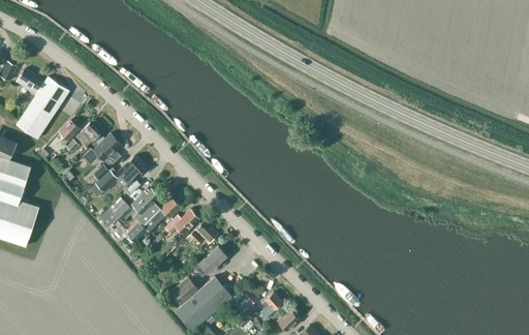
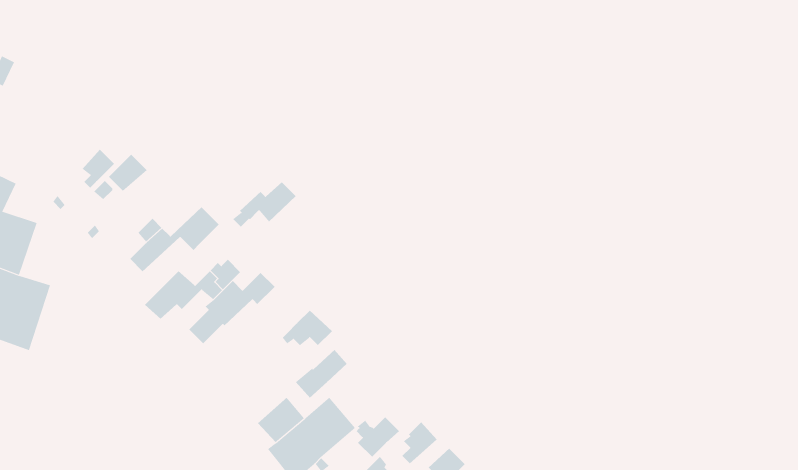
building: [15,69,68,139] -> none
building: [92,132,121,166] -> none
building: [159,209,199,238] -> [233,181,297,227]

